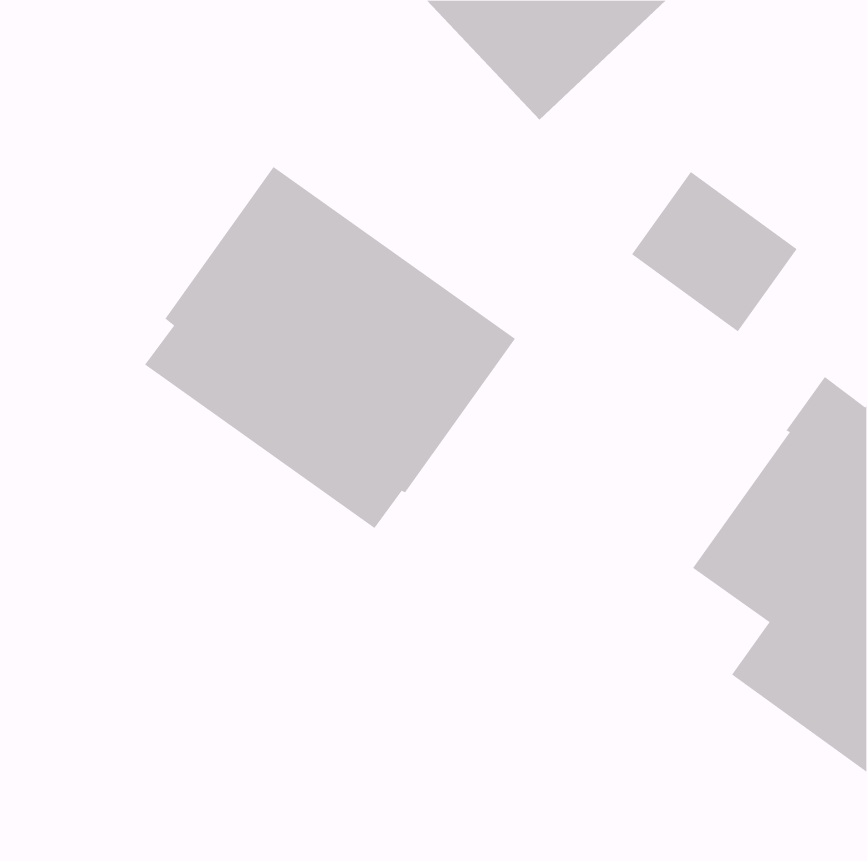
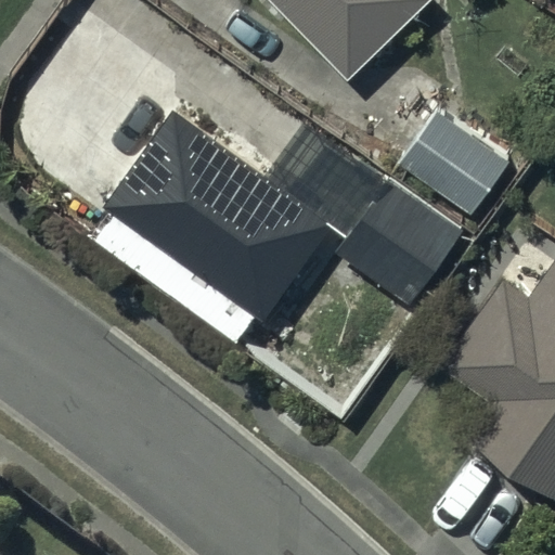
building: none -> [336,178,463,305]

